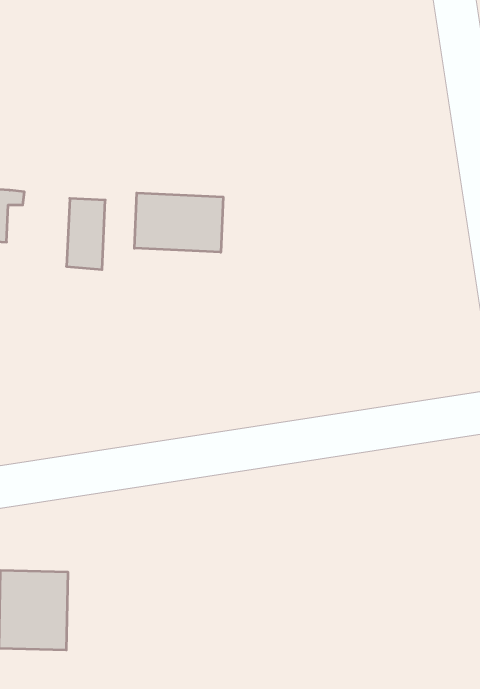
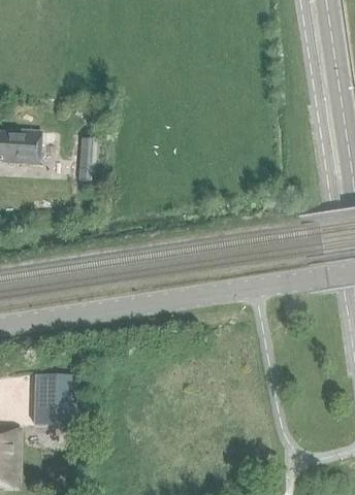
building: [134,193,223,252] -> none

